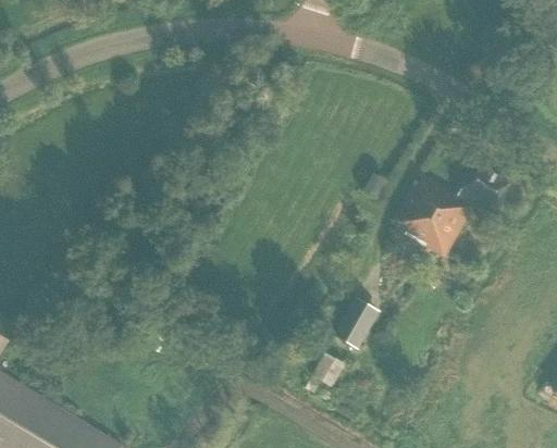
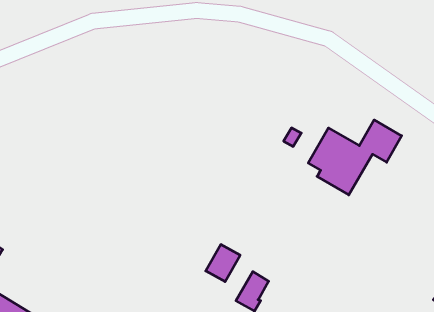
building: [332,302,374,348] -> [206,245,240,282]

